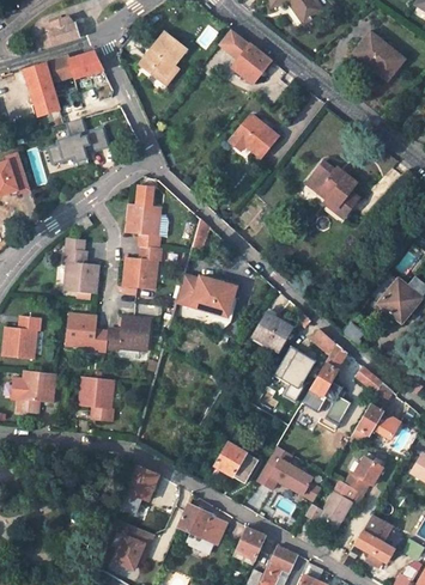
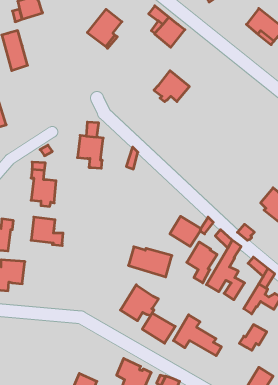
building: [45,51,102,83] -> none
building: [48,117,108,163] -> none
building: [311,158,358,214] -> none
building: [122,246,160,291] -> none
building: [176,275,235,316] -> [128,247,172,277]
building: [105,316,150,351] -> none
building: [78,377,113,422] -> none
building: none -> [120,285,158,321]
building: [119,463,158,513] -> none
building: [304,481,354,528] -> none

